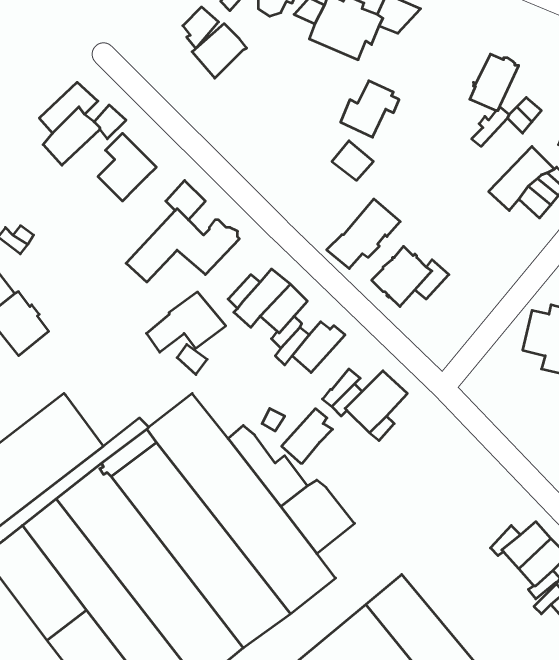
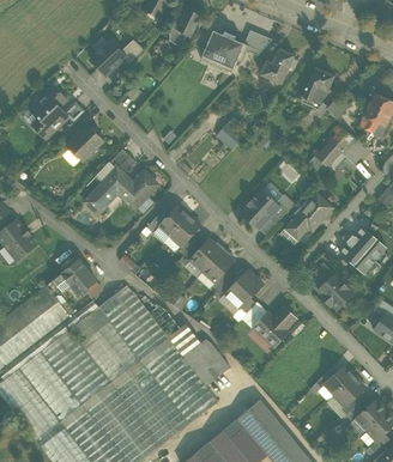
building: [192,24,247,78] -> [91,41,126,75]
building: [341,81,399,137] -> [261,48,298,84]
building: [327,199,400,269] -> [286,193,333,237]
building: [146,292,226,352] -> [47,259,97,297]
building: none -> [319,274,353,309]
building: [282,409,333,463] -> [202,247,235,281]
building: none -> [254,306,295,346]

